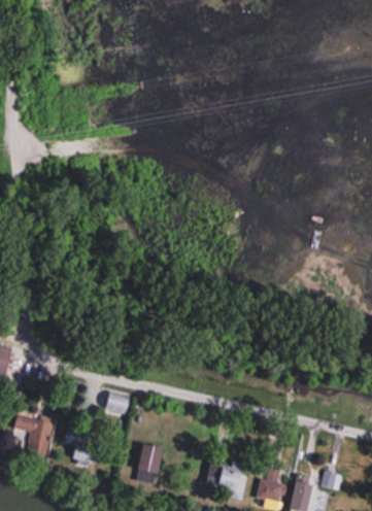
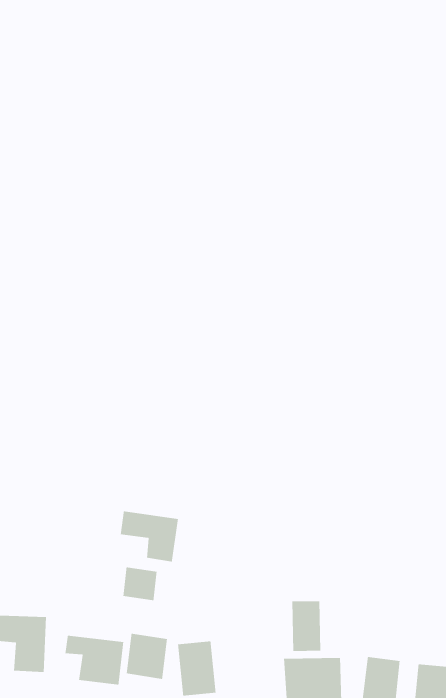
building: none -> [120,510,179,562]
building: none -> [292,600,321,652]
building: none -> [126,633,168,680]

